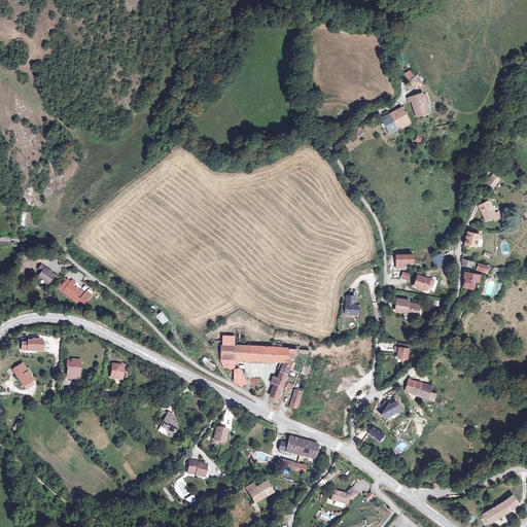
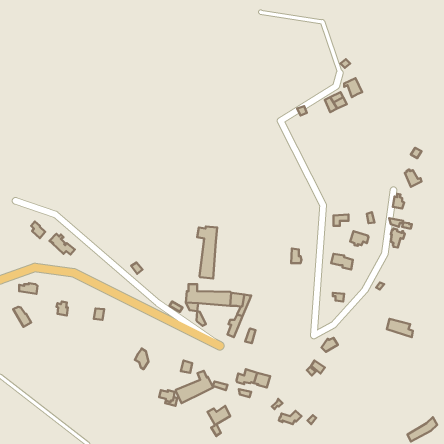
building: none -> [197,227,217,279]
building: [405,380,435,401] -> [387,319,413,337]
building: none -> [176,371,213,403]

